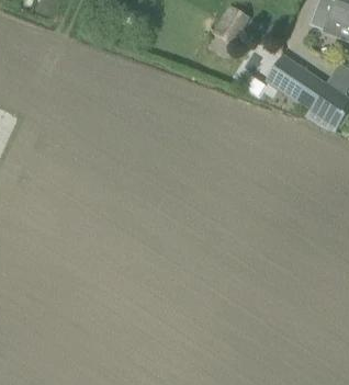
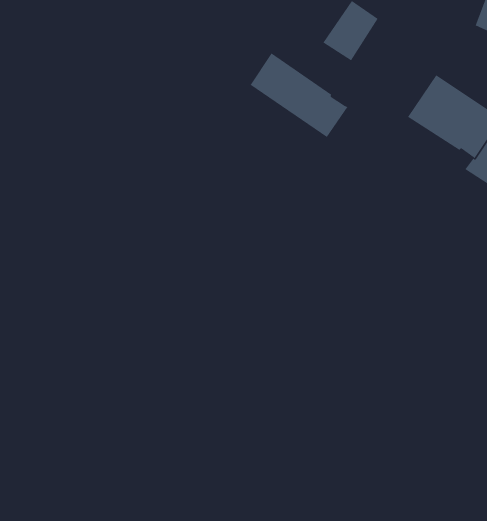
building: none -> [250,52,348,138]

